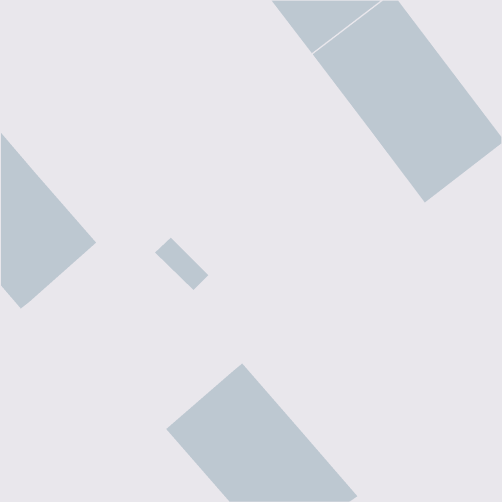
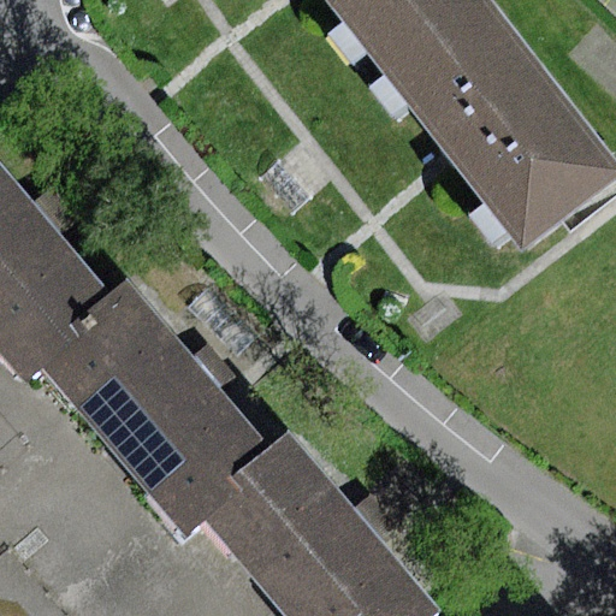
building: none -> [36,283,285,541]

